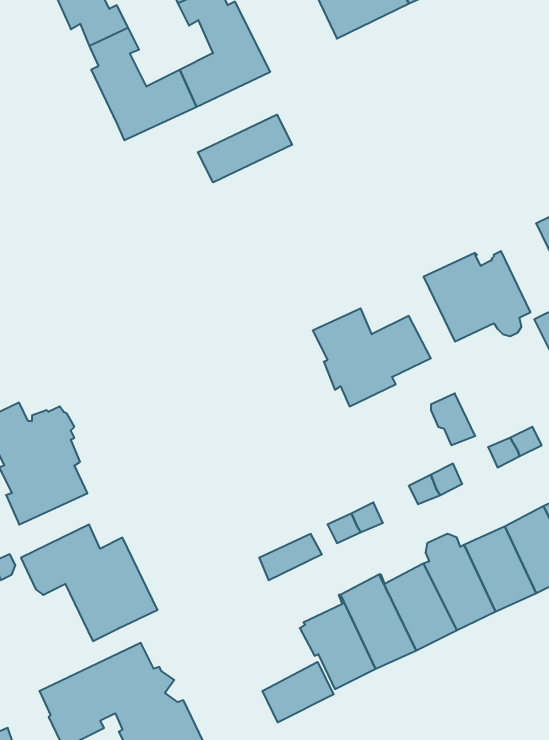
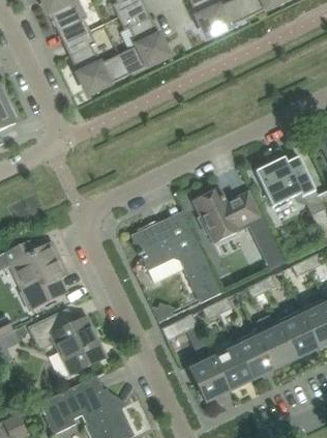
building: [198,115,292,182] -> none
building: none -> [130,210,221,302]
building: [263,662,334,722] -> none

